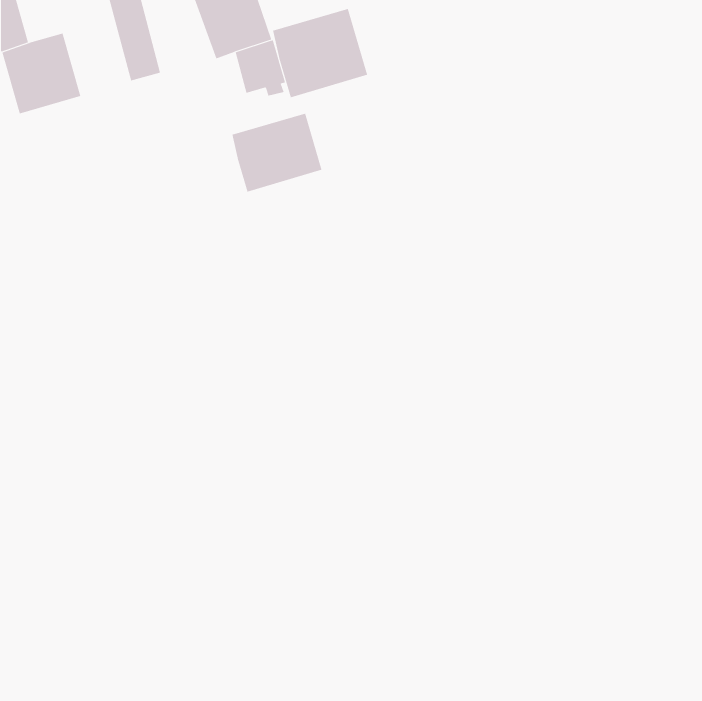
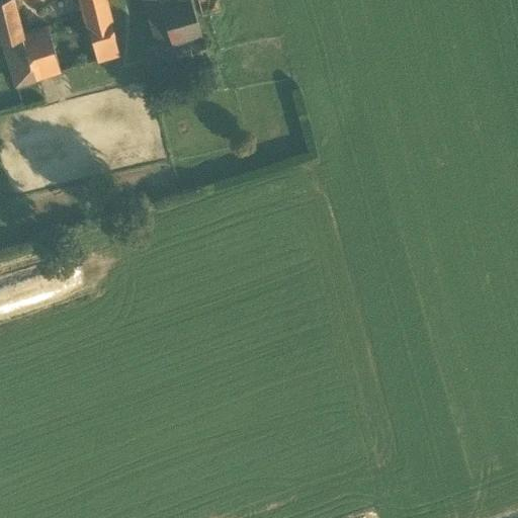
building: [273,8,368,98] -> none
building: [232,113,322,192] -> none

